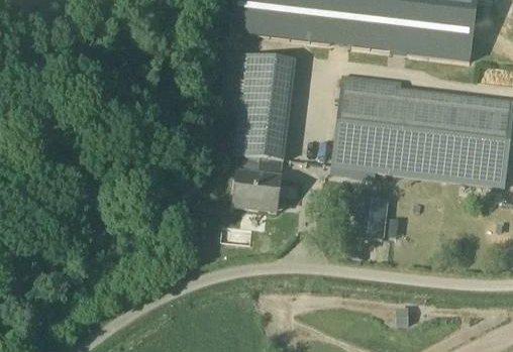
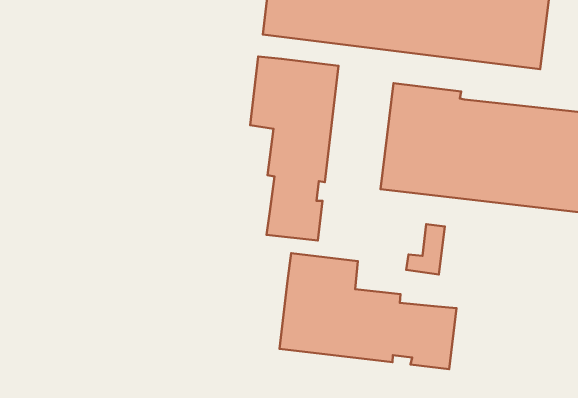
building: none -> [279,253,457,369]

